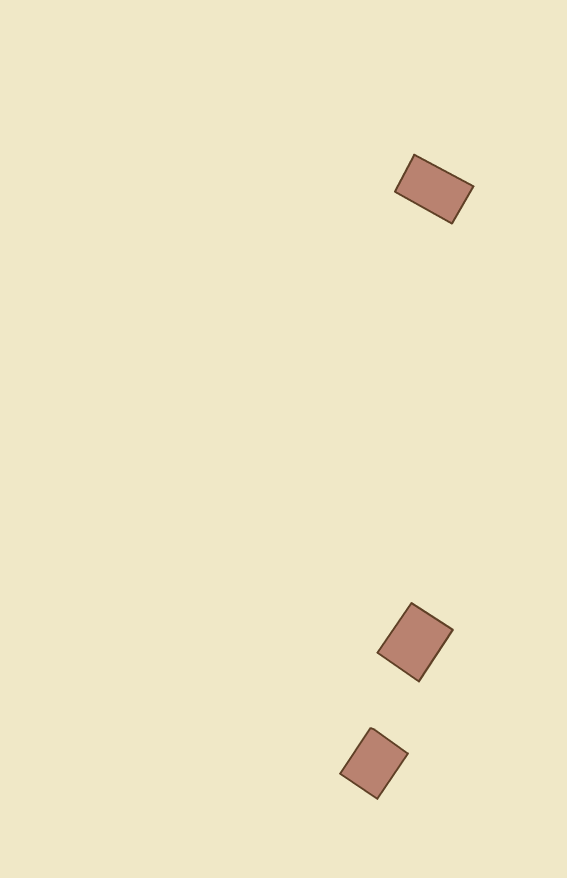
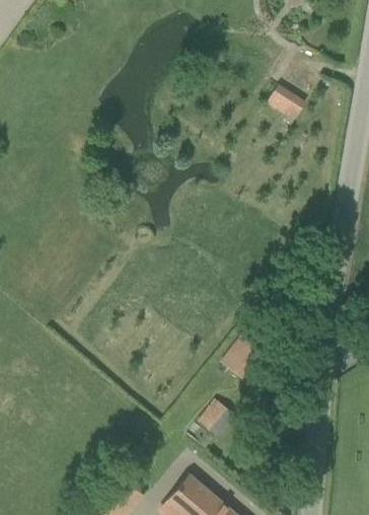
building: [395,155,474,223] -> [267,83,307,120]

